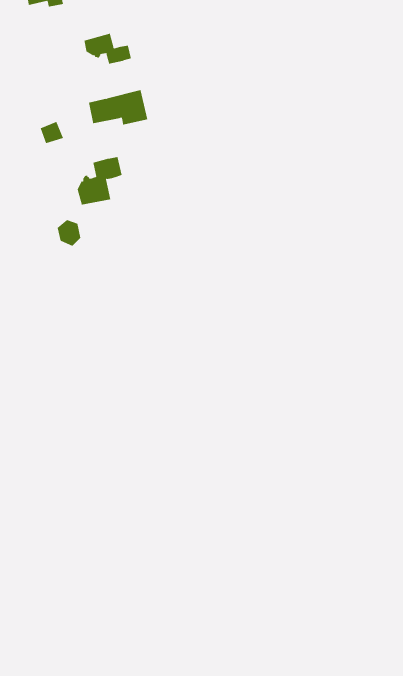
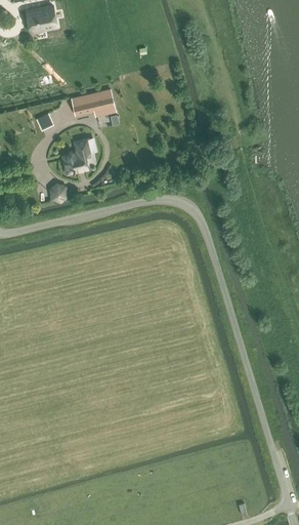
building: [84,33,132,64] -> none

